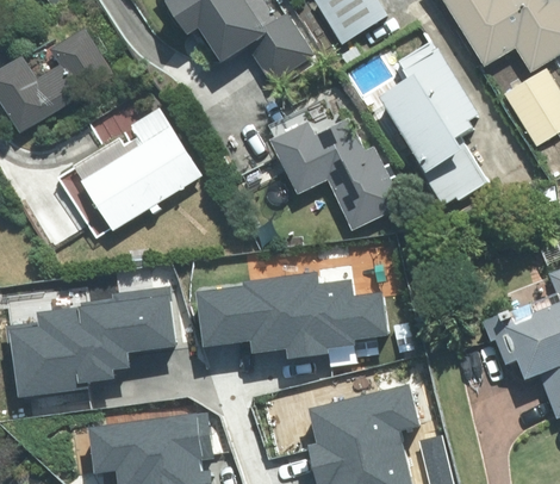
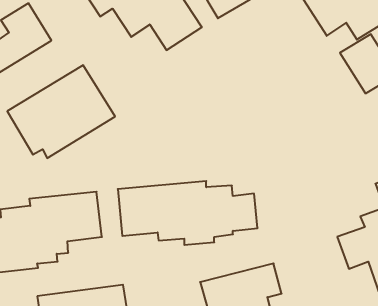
building: [366,41,486,209] -> none
building: [267,119,402,232] -> none

